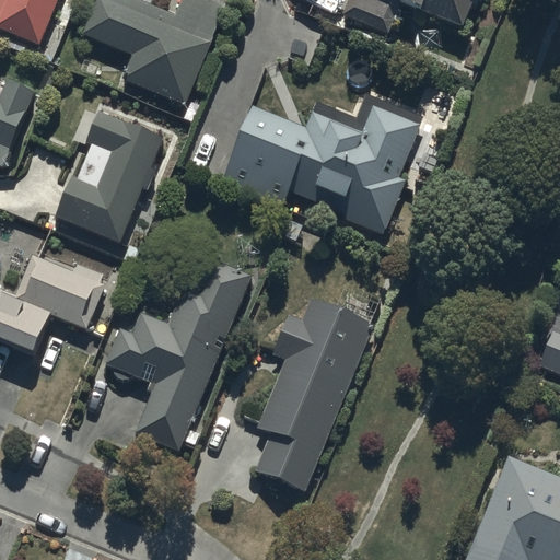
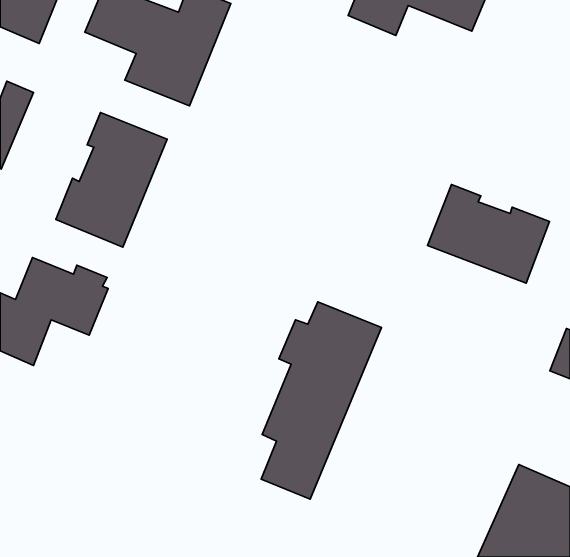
building: [224,93,424,232] -> none
building: none -> [427,185,550,283]
building: [105,255,254,453] -> none

